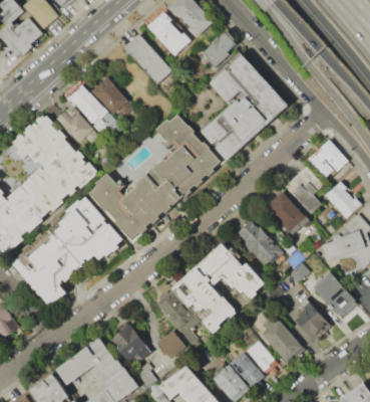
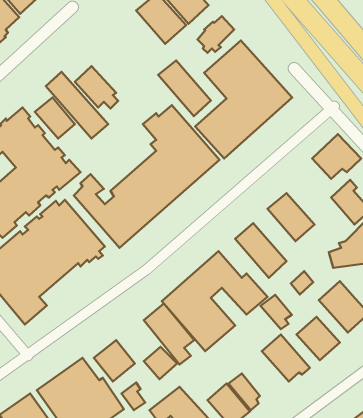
building: [124,34,171,84] -> [158,60,211,116]
building: [284,165,323,216] -> none
building: [245,341,273,372] -> [261,295,292,329]

